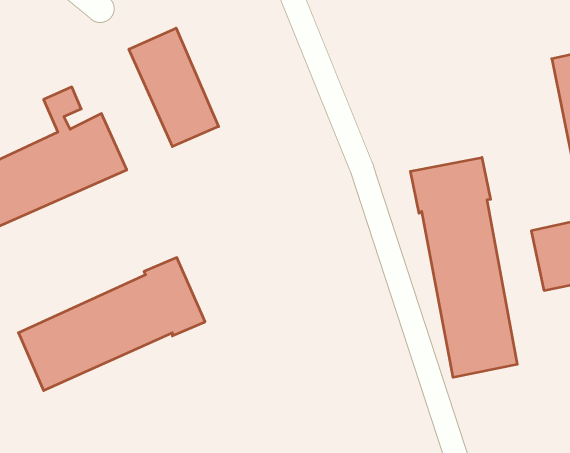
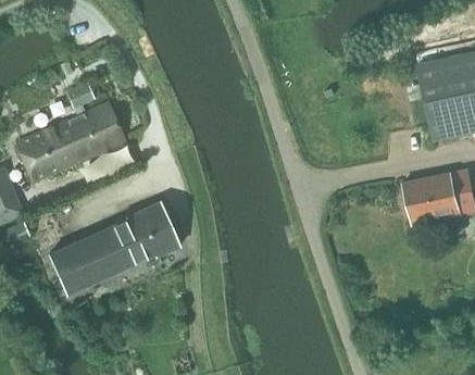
building: [129,28,219,147] -> none
building: [410,157,517,377] -> none

